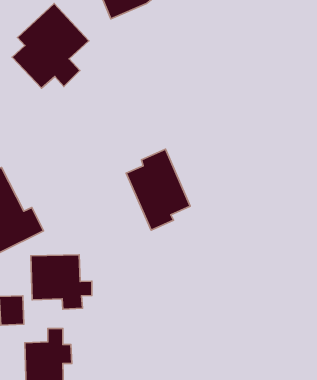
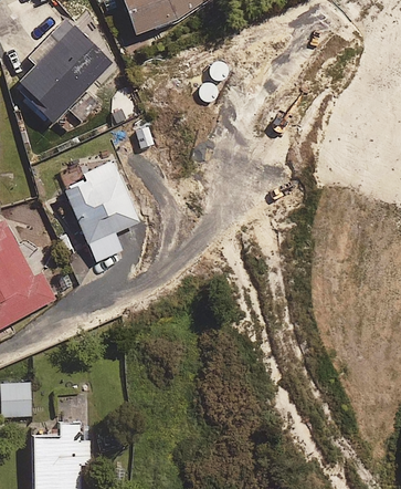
building: [126,149,190,230] -> [65,159,145,260]
building: [31,255,92,309] -> none

